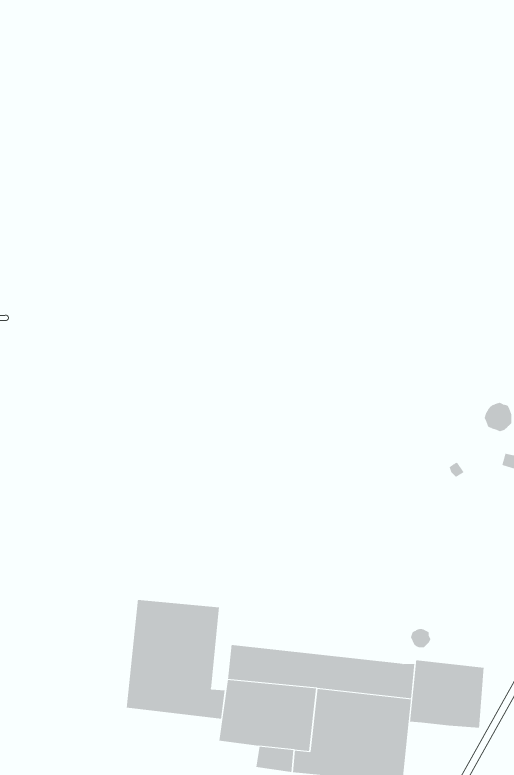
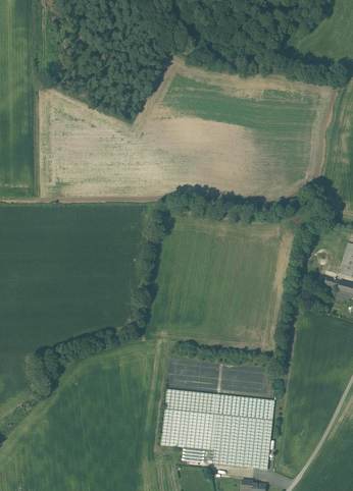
building: [126,599,225,719] -> none
building: [410,660,484,728] -> none

